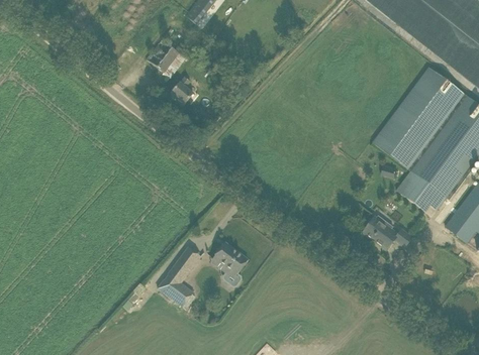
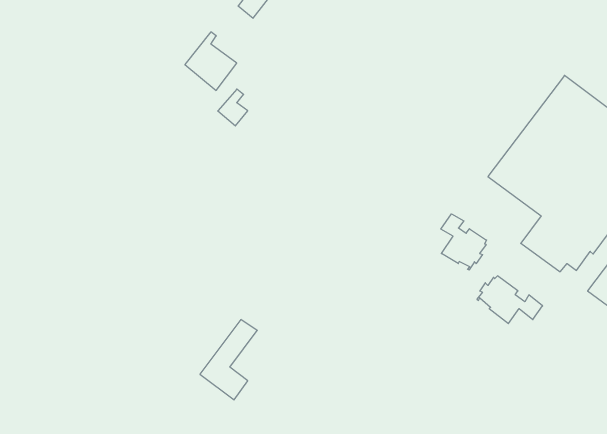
building: none -> [441,214,487,270]
building: [213,244,248,286] -> none

